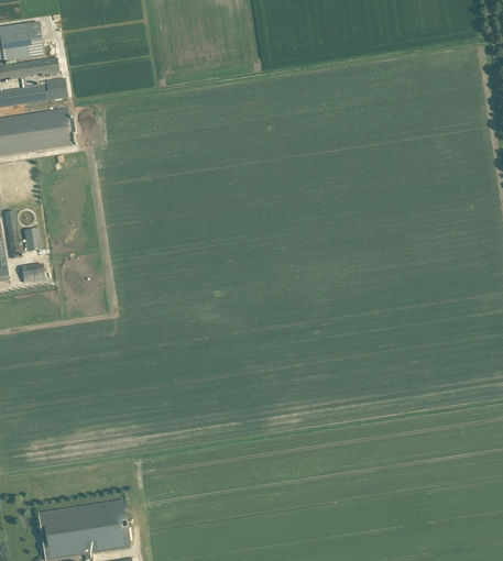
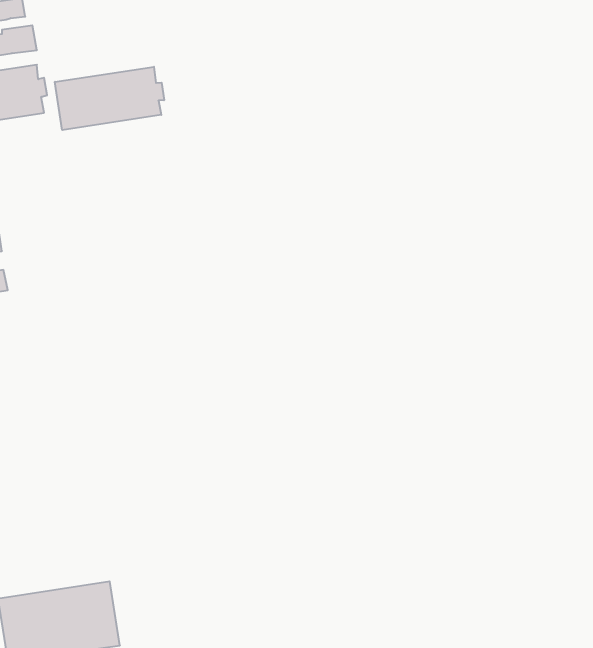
building: none -> [55,67,164,130]

